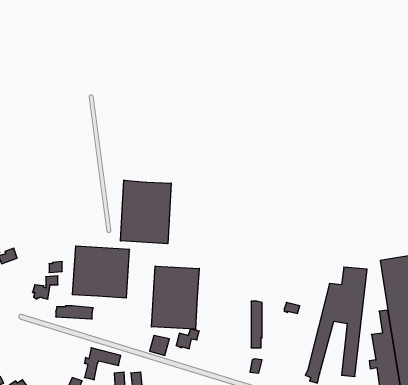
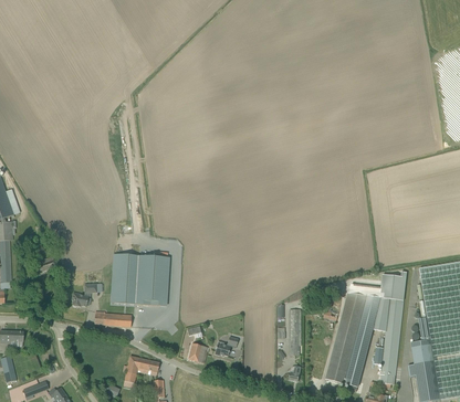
building: [120,180,171,244] -> none
building: [151,266,199,329] -> none
building: none -> [326,288,368,382]

